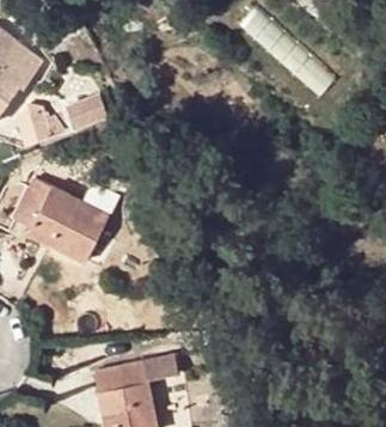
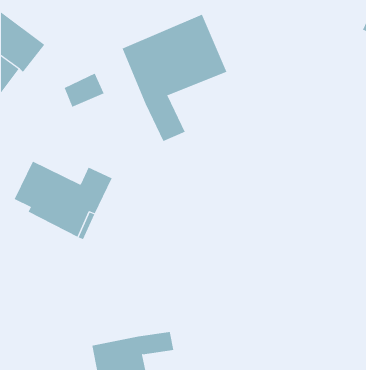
building: none -> [122,14,227,142]
building: [19,104,67,148] -> none

